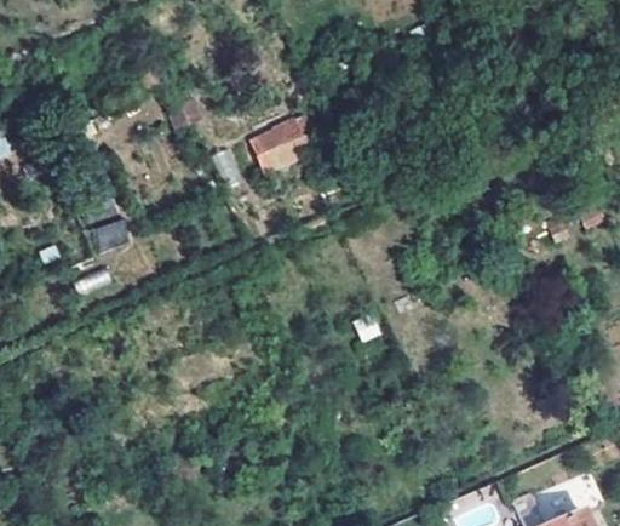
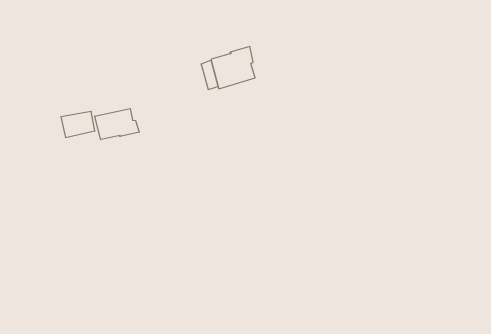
building: none -> [95,109,139,140]

